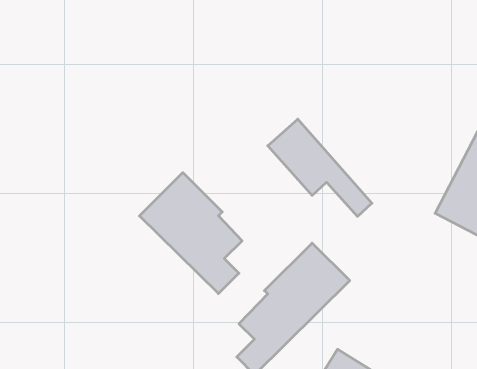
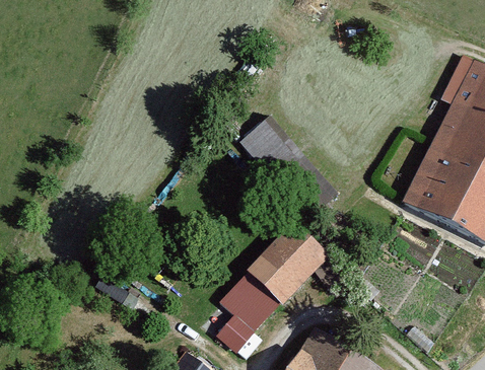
building: [139,173,242,294] -> none

